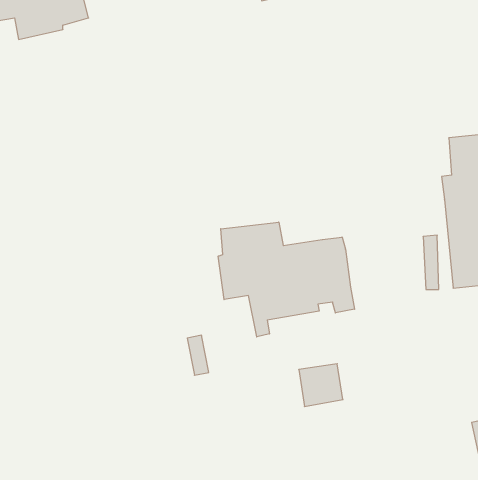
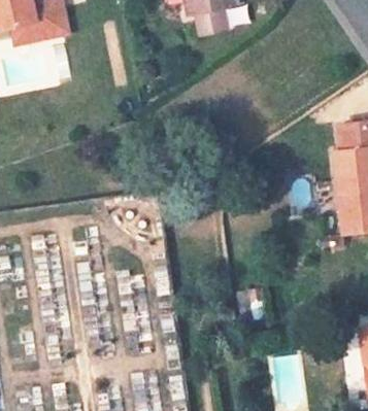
building: [218,222,355,337] -> none

